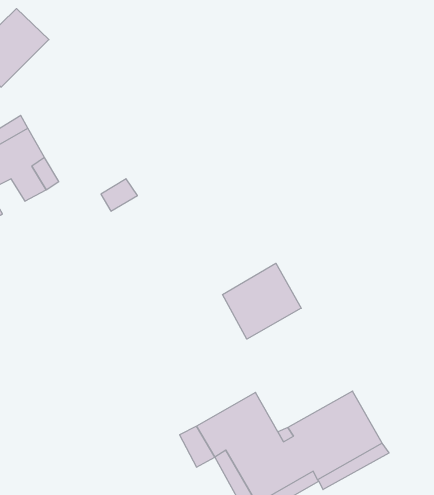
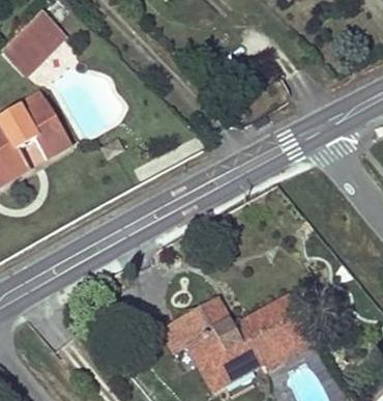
building: [223,263,301,339] -> none

